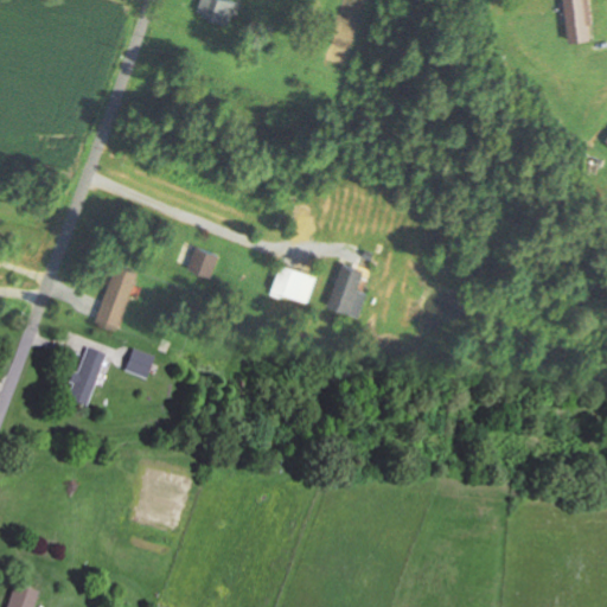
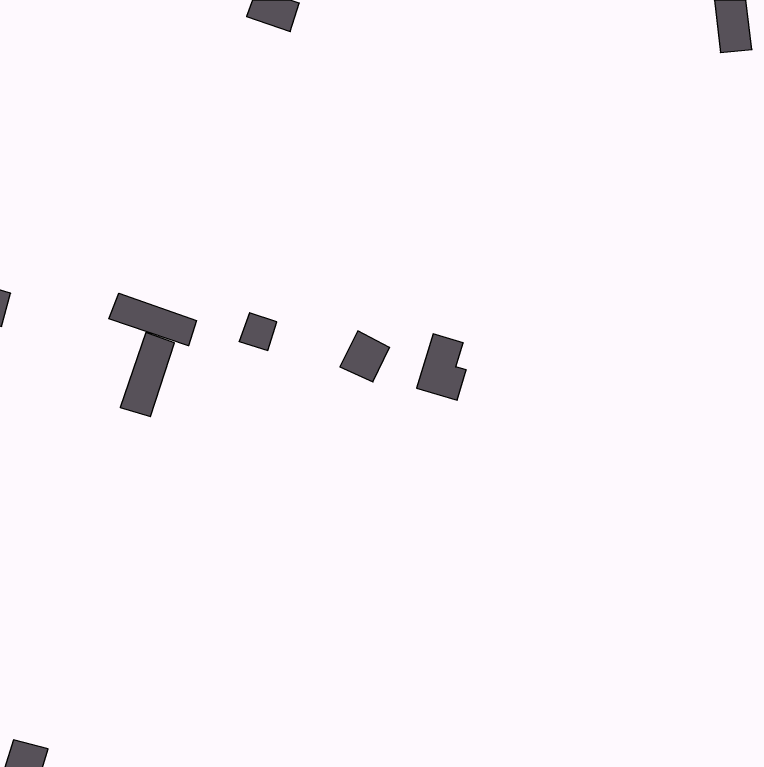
building: none -> [109,293,196,346]
building: [64,349,104,410] -> none
building: [123,351,154,381] -> none

